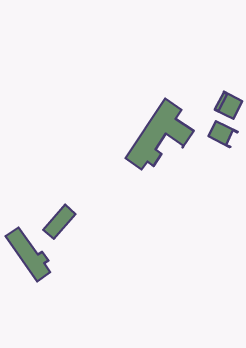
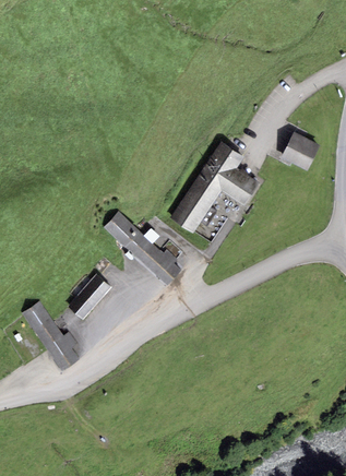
building: [208,121,238,147] -> none
building: none -> [105,213,179,284]

